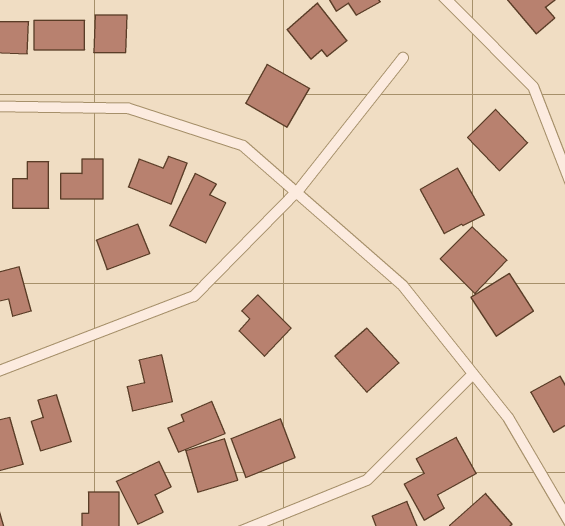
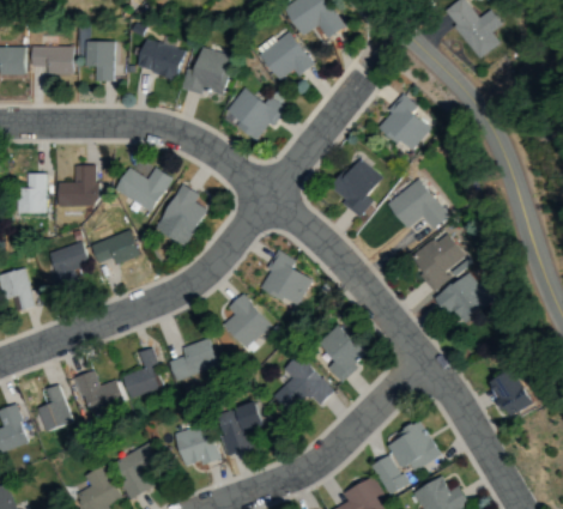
building: none -> [141,37,194,81]
building: none -> [202,50,234,90]
building: [468,109,528,171] -> [377,97,431,152]
building: none -> [325,156,382,214]
building: none -> [46,241,91,293]
building: none -> [253,252,310,307]
building: none -> [268,352,329,412]
building: none -> [72,368,122,416]
building: [168,401,225,452] -> [164,335,216,381]

